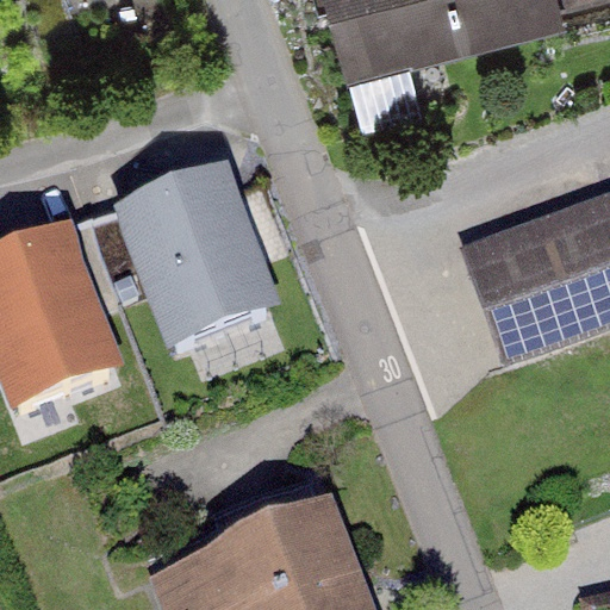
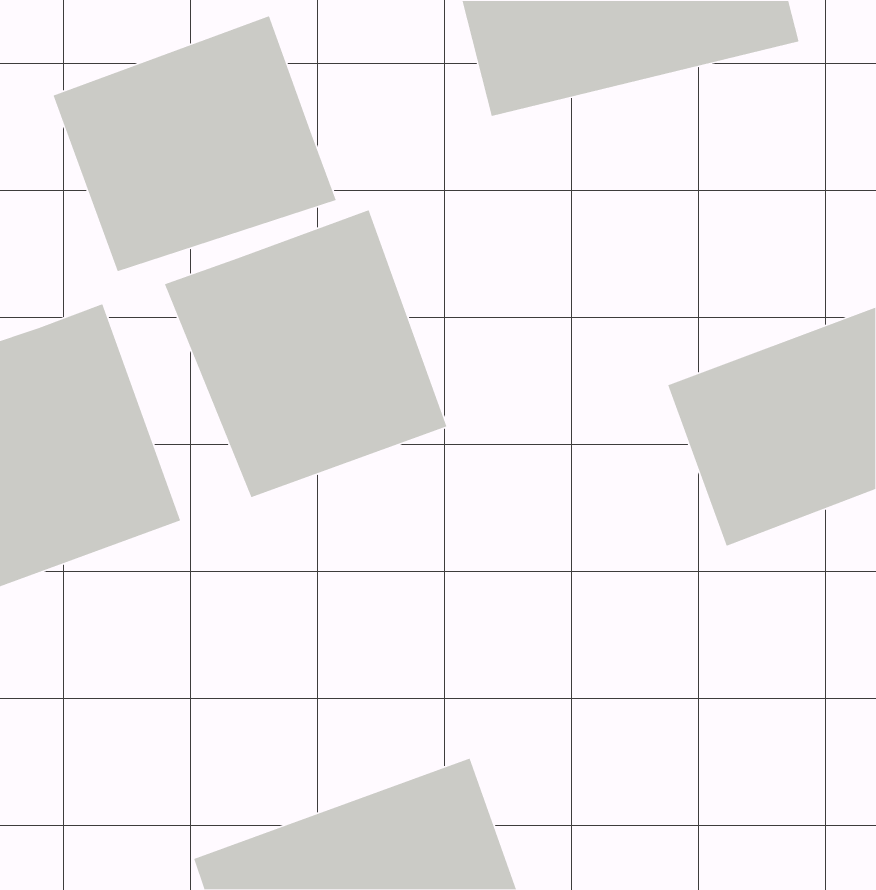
building: none -> [52,15,337,272]

